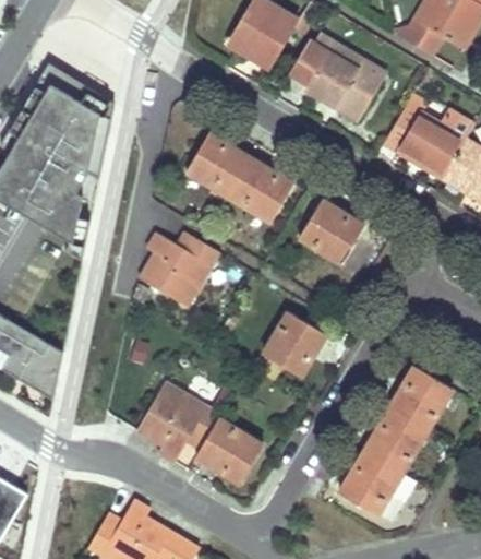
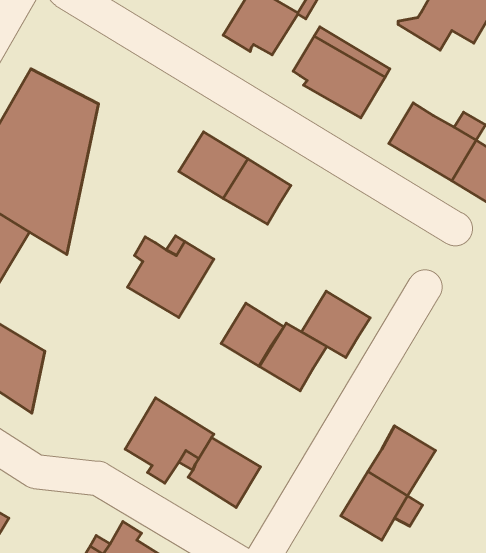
building: [299,200,363,262] -> [302,291,370,358]
building: none -> [221,303,284,366]
building: [388,367,452,431] -> none

